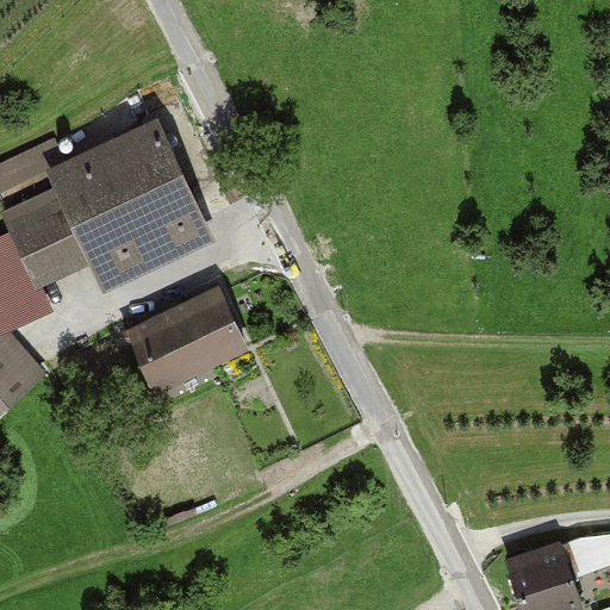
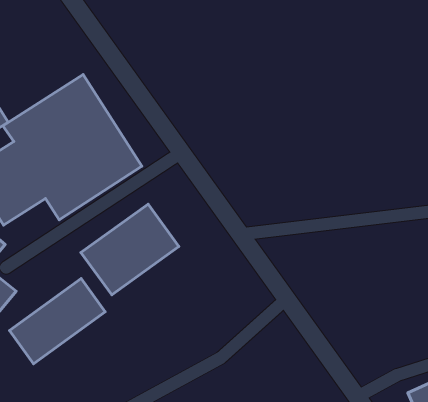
building: none -> [9,279,105,364]

